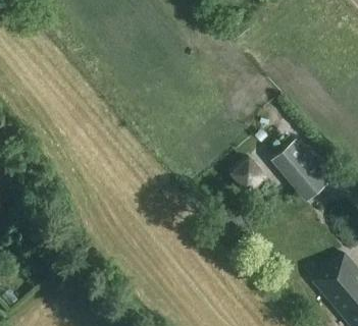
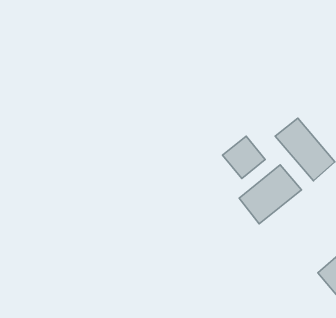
building: none -> [239,165,301,224]

